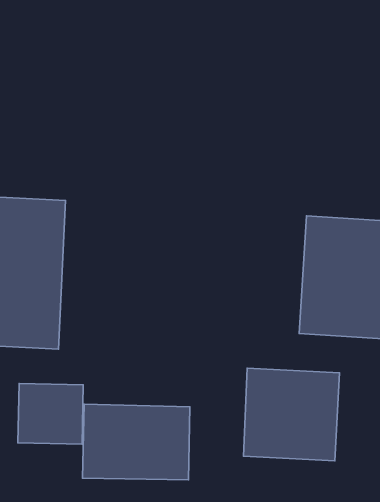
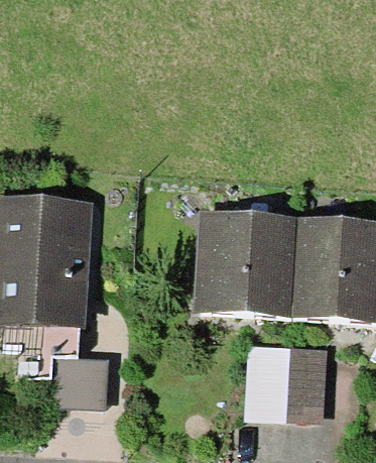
building: none -> [194,210,297,316]
building: [83,404,190,480] -> none

